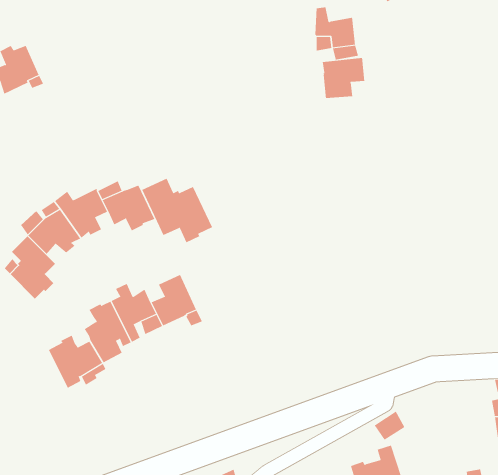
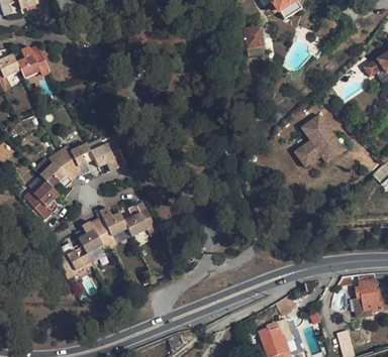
building: [322,57,365,99] -> none
building: none -> [295,116,344,167]
building: [141,178,213,243] -> none

